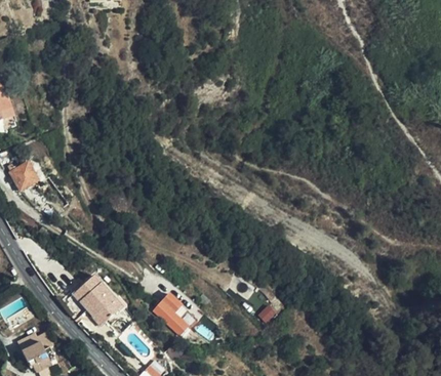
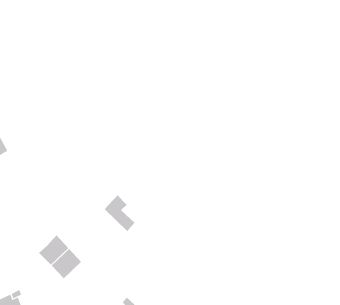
building: [154,292,190,334] -> [104,195,136,232]

